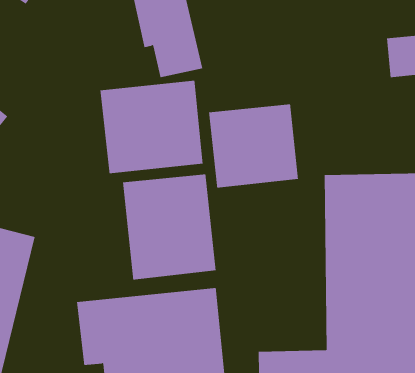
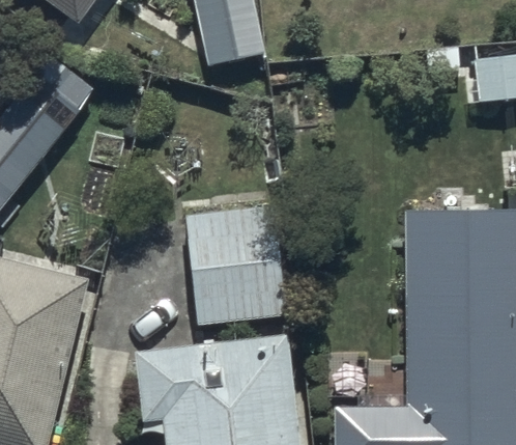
building: [100,80,203,174] -> none
building: [209,104,299,188] -> none

